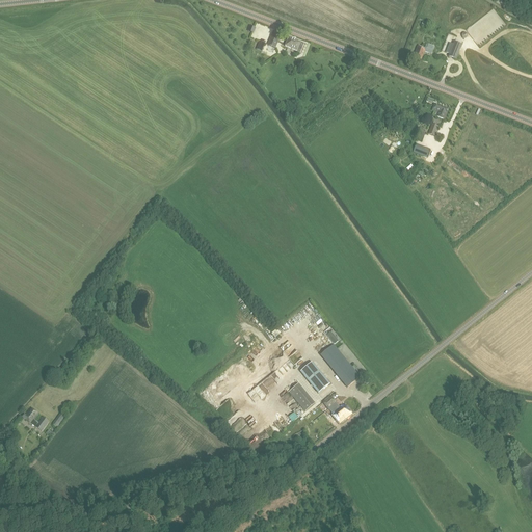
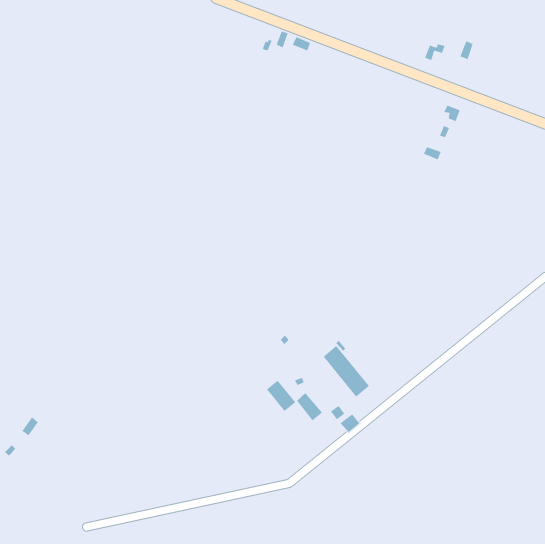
building: [299,361,328,392] -> [266,380,296,412]

